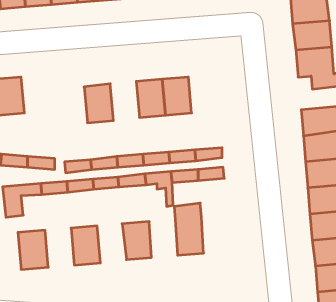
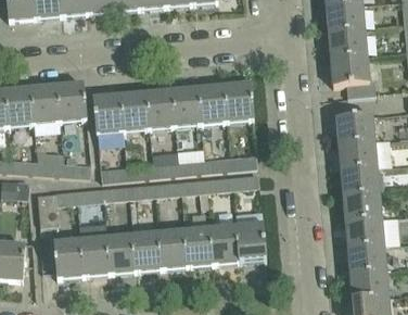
building: none -> [224,81,253,121]
building: none -> [56,83,86,121]
building: none -> [145,89,175,128]
building: none -> [93,94,123,133]
building: none -> [237,223,266,261]
building: none -> [184,227,213,265]
building: none -> [132,231,162,270]
building: none -> [80,236,110,275]

